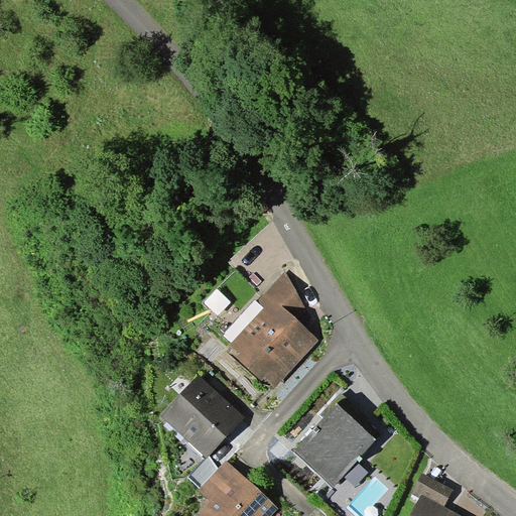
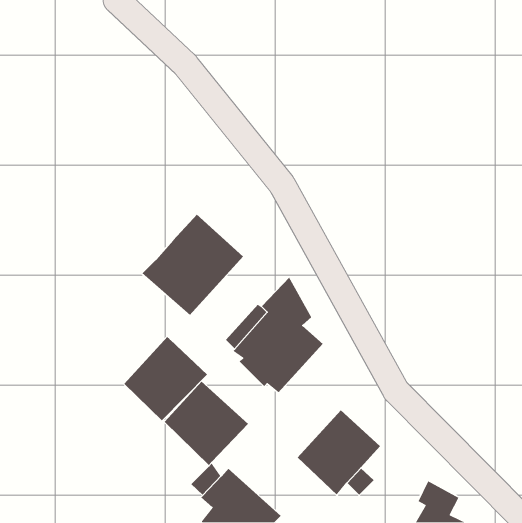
building: none -> [141,214,244,316]
building: none -> [124,336,208,421]

